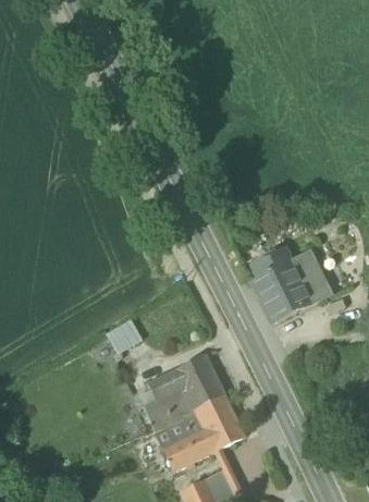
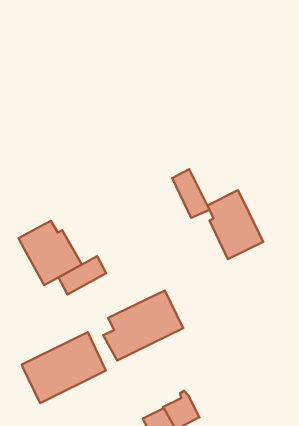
building: [291,249,331,302] -> [172,169,210,218]
building: none -> [18,221,82,285]
building: [155,394,245,470] -> [22,332,106,403]

